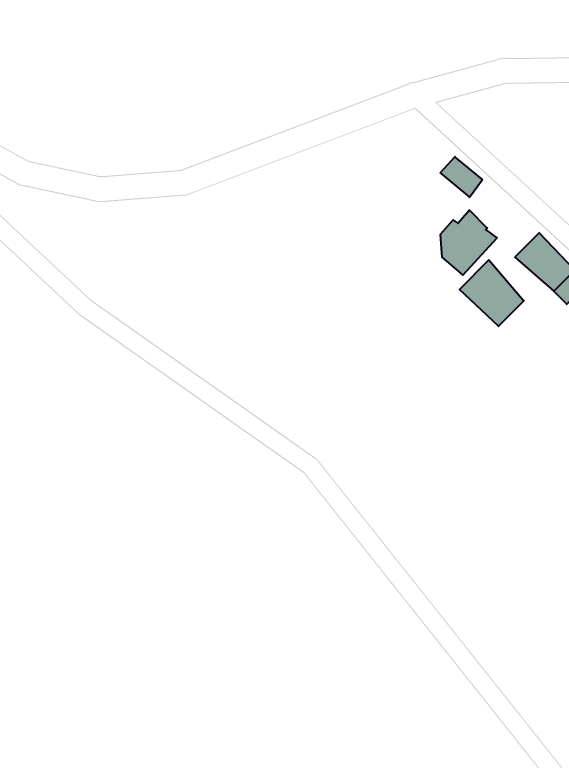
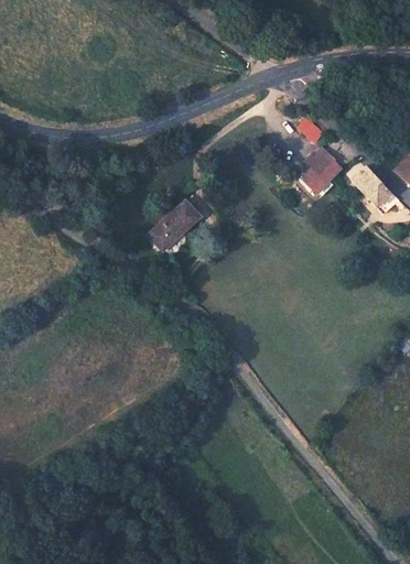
building: [460,260,524,326] -> none
building: none -> [150,197,202,246]

